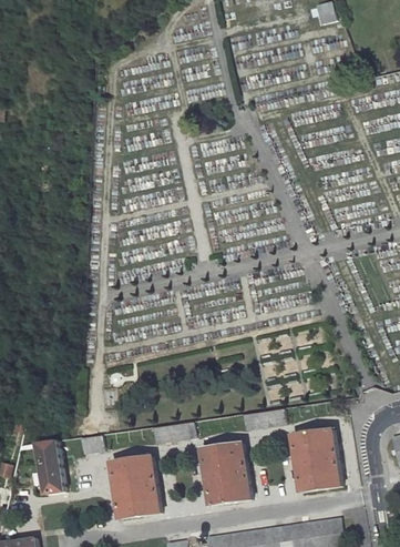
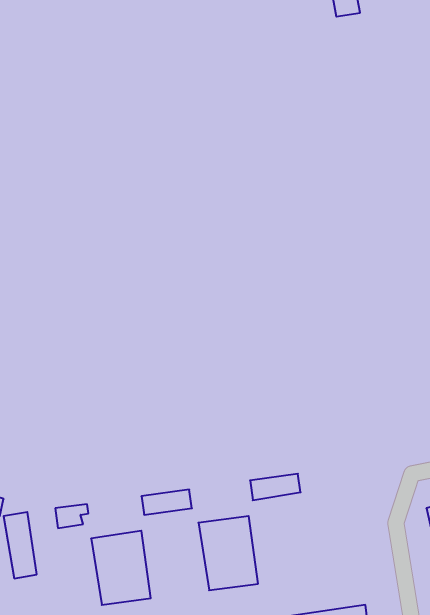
building: [289,428,339,492] -> none

